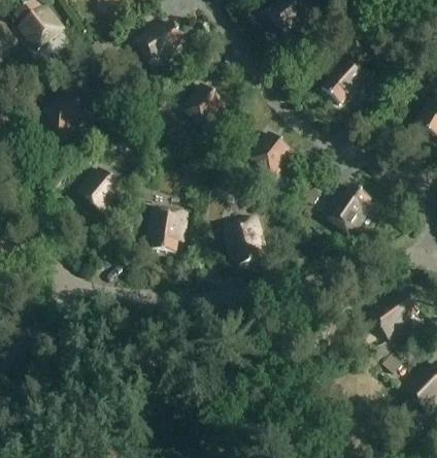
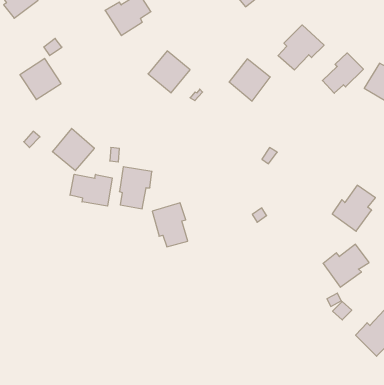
building: none -> [322,53,363,93]
building: [249,132,294,177] -> [229,59,270,101]
building: [325,186,371,235] -> [332,185,375,231]
building: none -> [70,174,112,206]
building: [225,218,263,265] -> [152,203,188,247]

